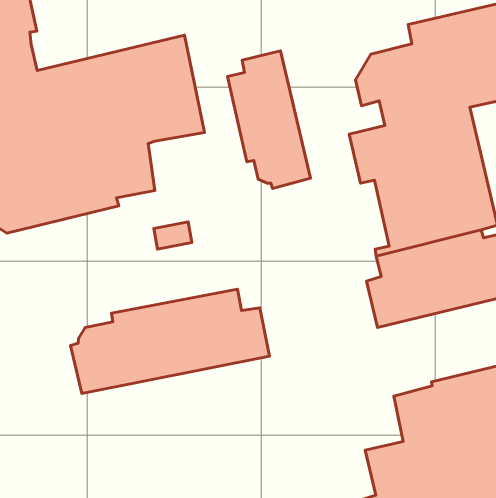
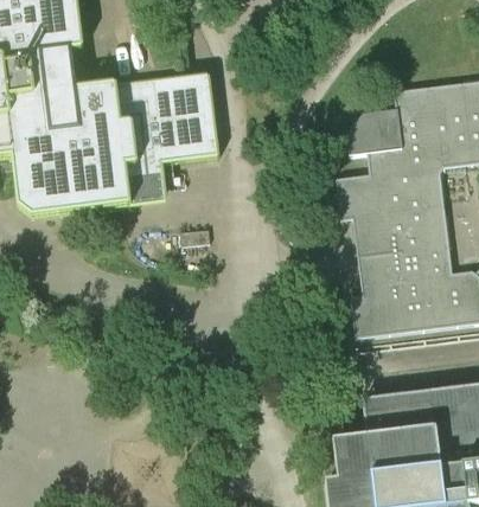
building: [227,51,310,188] -> none
building: [70,289,270,393] -> none

